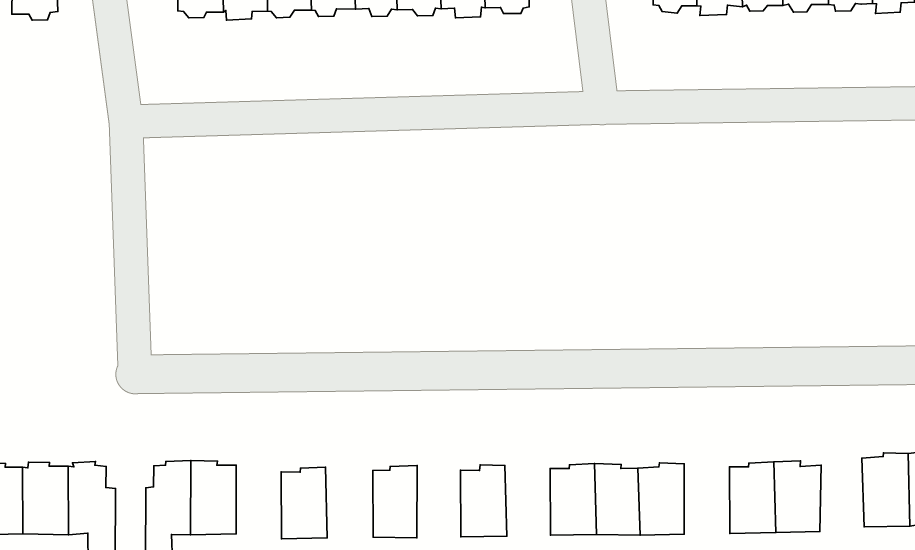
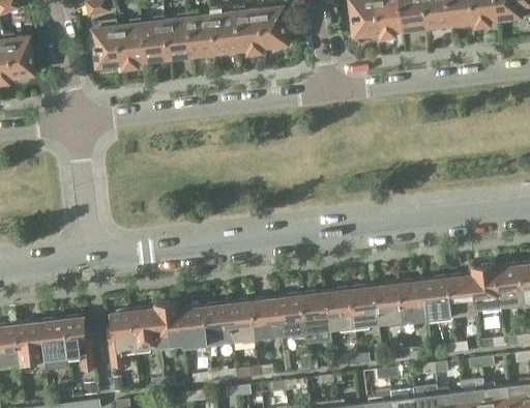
building: none -> [473,264,500,312]
building: none -> [155,302,184,347]
building: none -> [399,281,428,321]
building: none -> [301,292,330,332]
building: none -> [254,298,282,339]
building: none -> [204,303,234,344]

